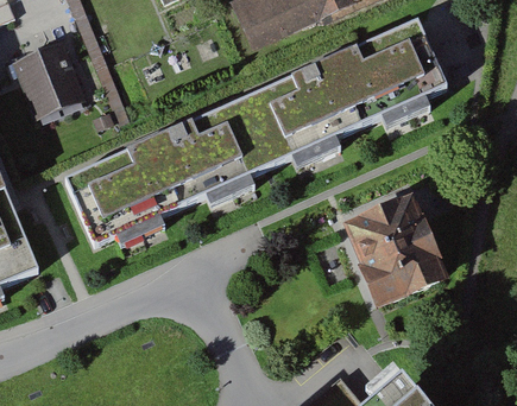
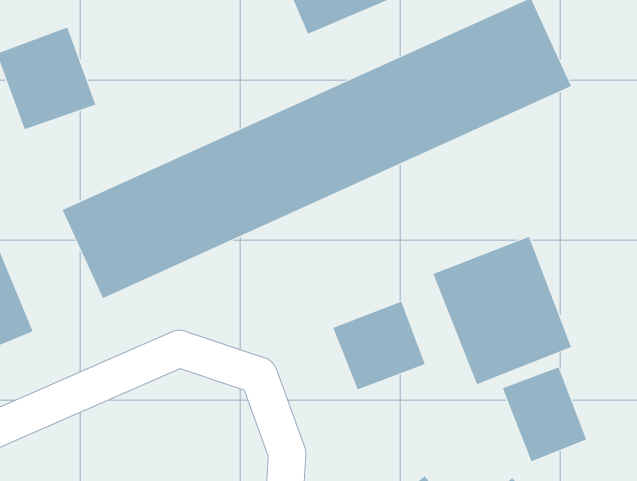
building: none -> [332,301,425,390]
building: none -> [502,366,587,462]

